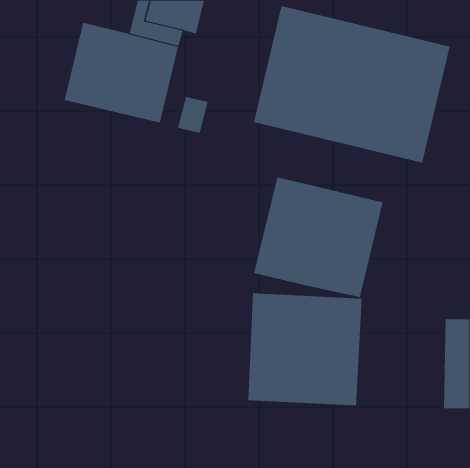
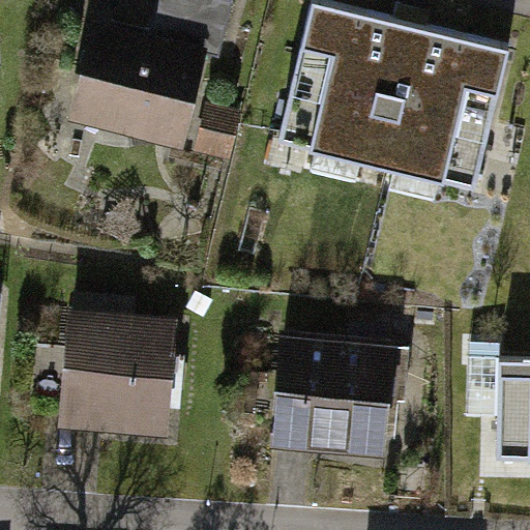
building: [254,176,383,298] -> none
building: none -> [66,286,181,435]

